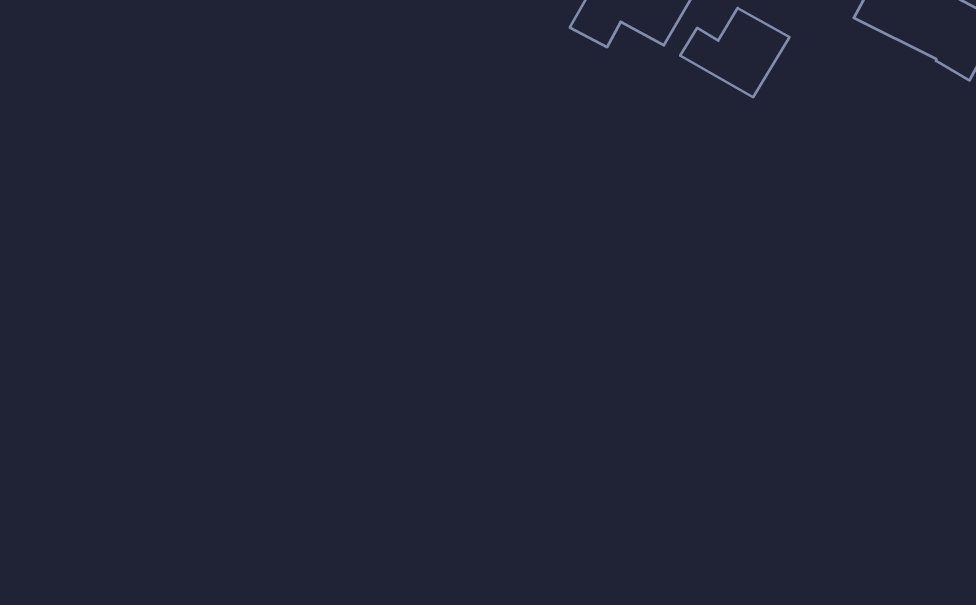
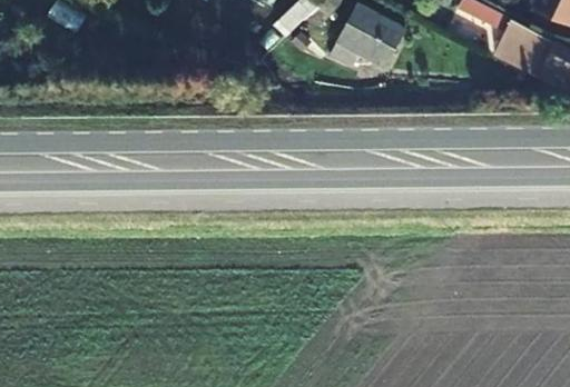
building: [680,8,789,97] -> none

